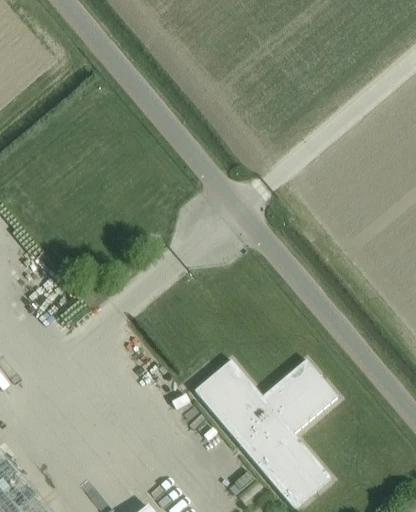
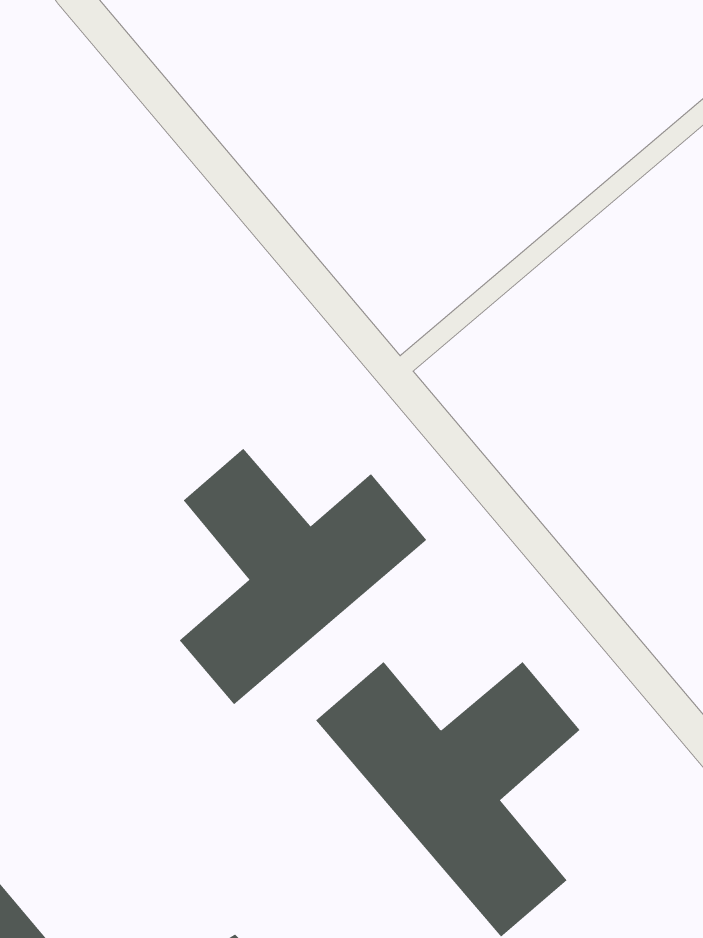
building: none -> [179,448,427,705]

